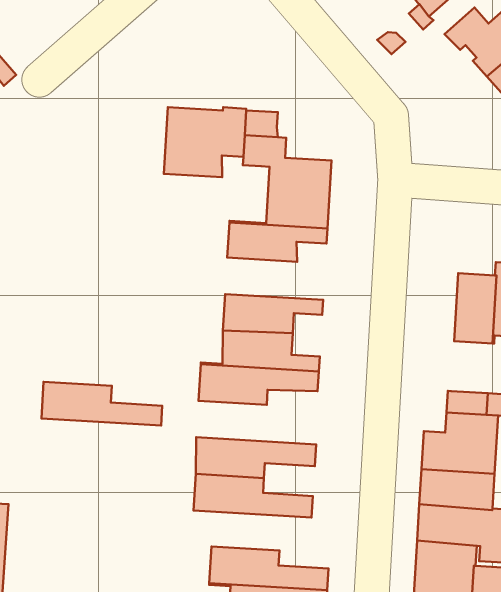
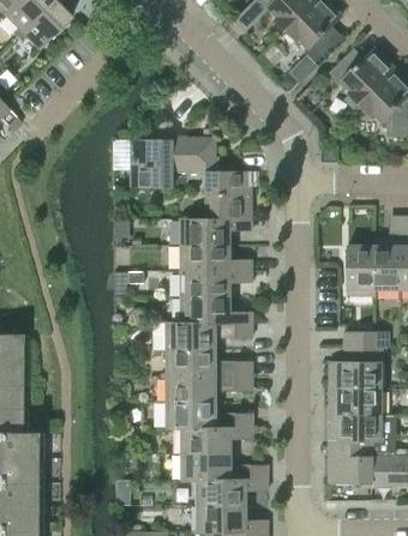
building: none -> [180,246,251,272]
building: [41,382,162,426] -> [166,350,252,377]
building: none -> [167,429,252,454]

